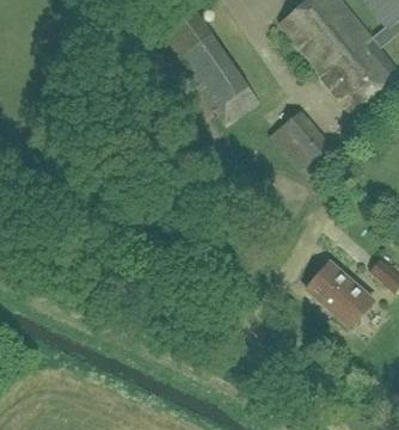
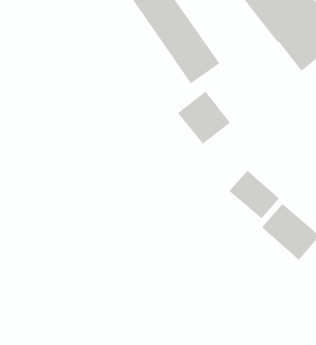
building: [269,110,330,171] -> [177,91,231,145]
building: none -> [229,170,280,219]

